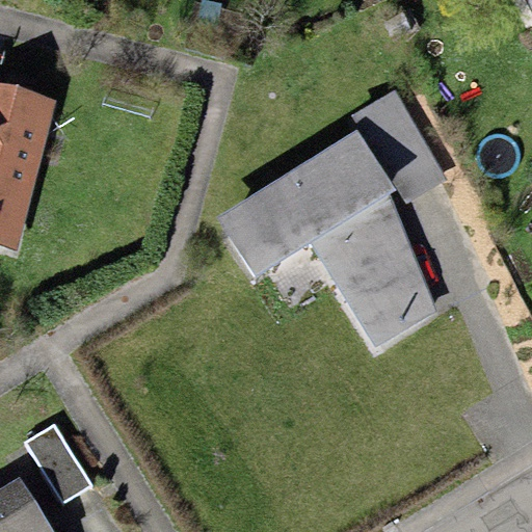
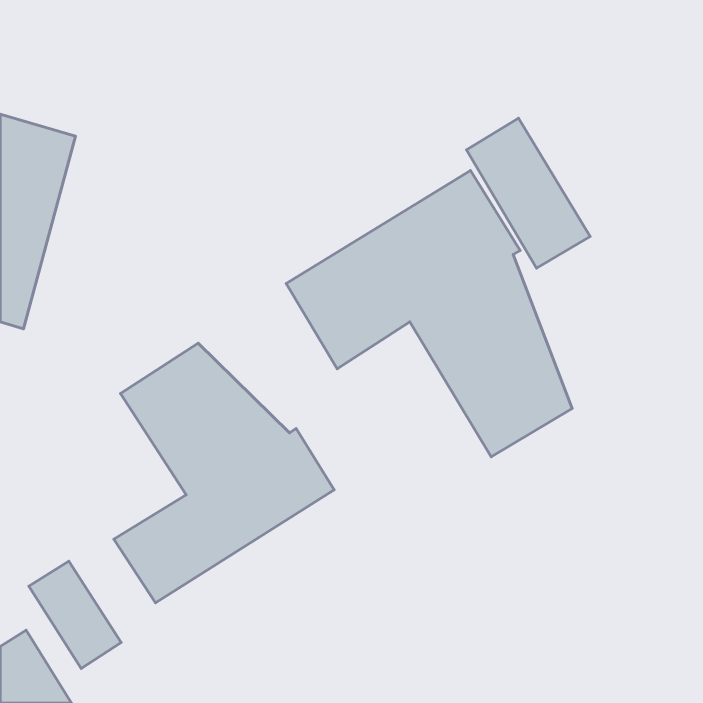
building: none -> [114,343,334,603]

